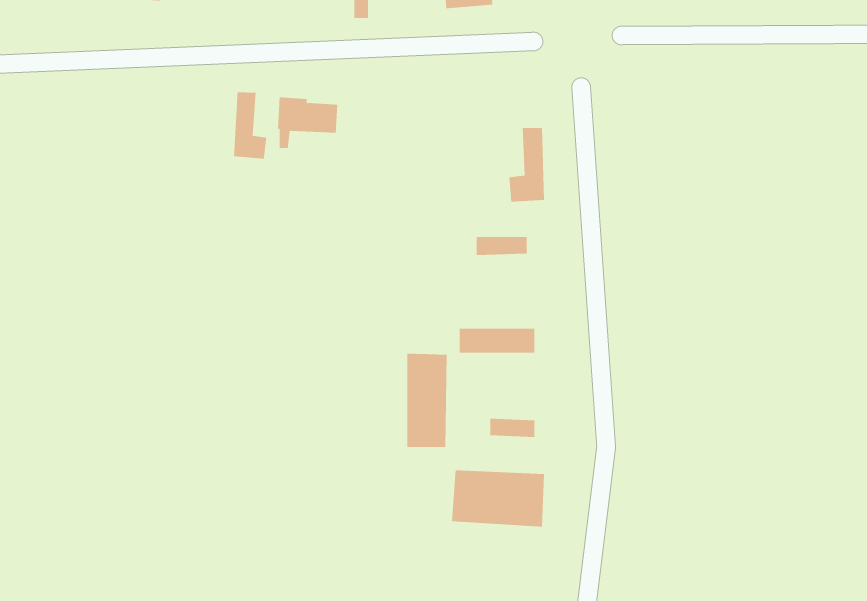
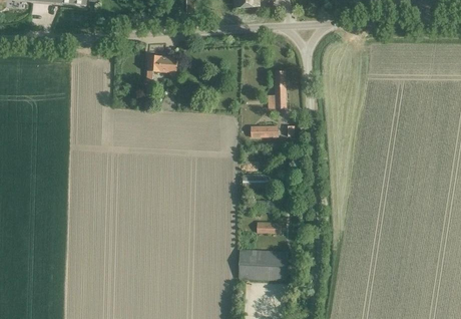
building: [233,91,267,159] -> none
building: [407,353,447,448] -> none

